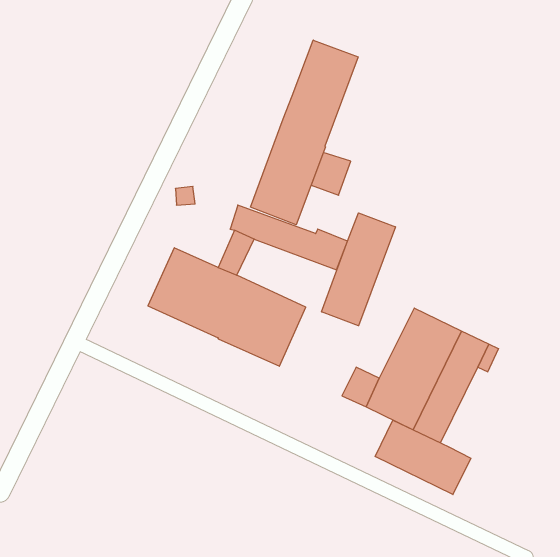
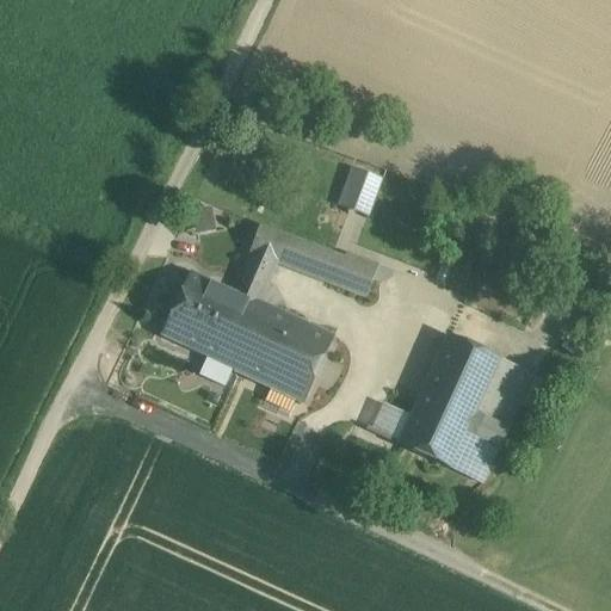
building: [251,40,358,225] -> none
building: [322,213,395,326] -> none
building: [375,420,471,495] -> none

